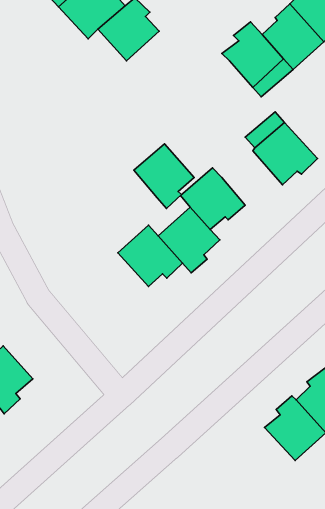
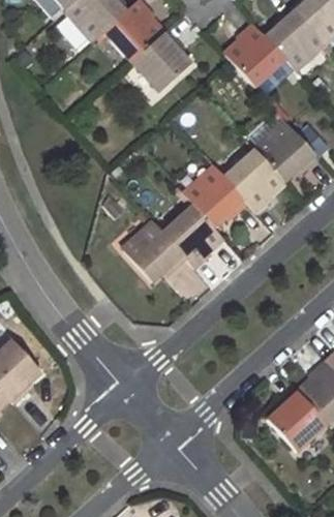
building: none -> [130,27,190,90]
building: [134,144,194,208] -> [223,148,282,211]

